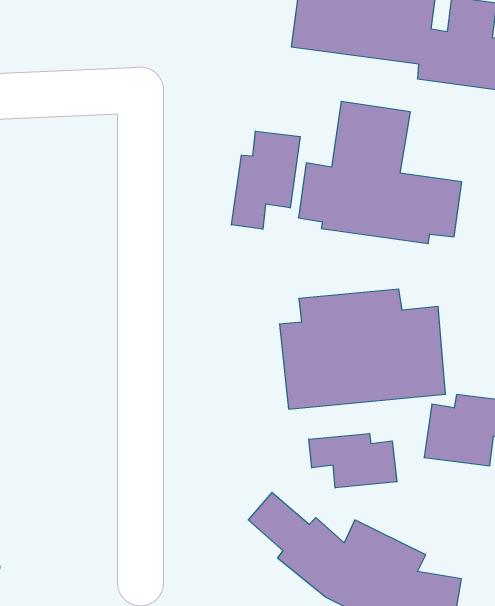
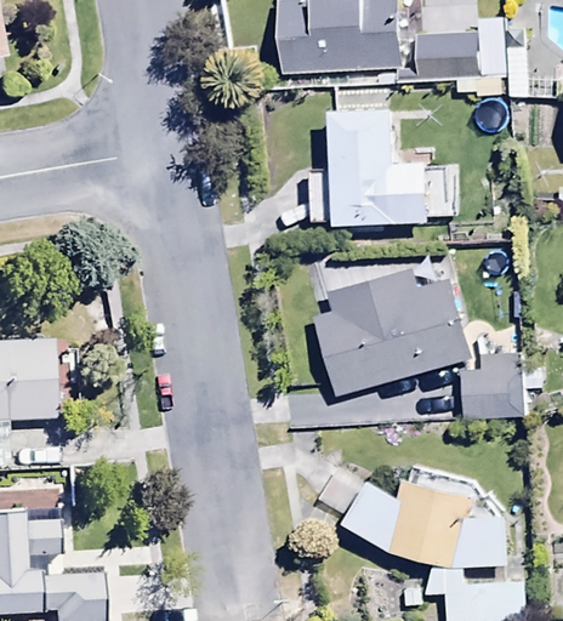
building: [231,131,300,229] -> none
building: [309,433,397,488] -> none

